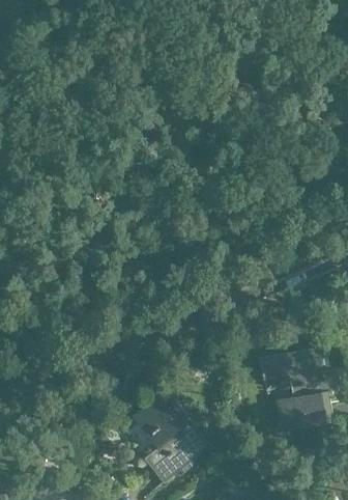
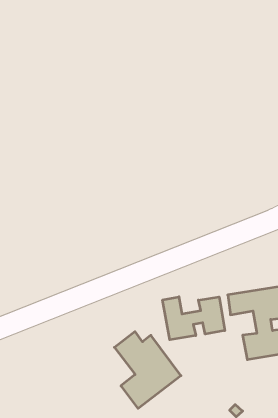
building: none -> [163,297,225,340]

